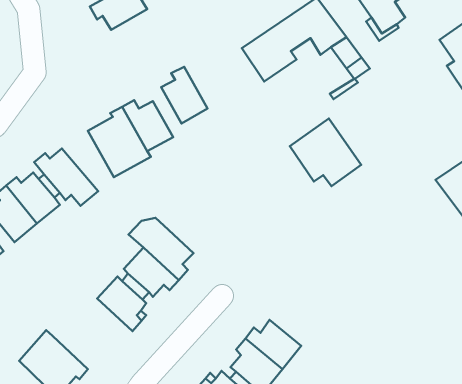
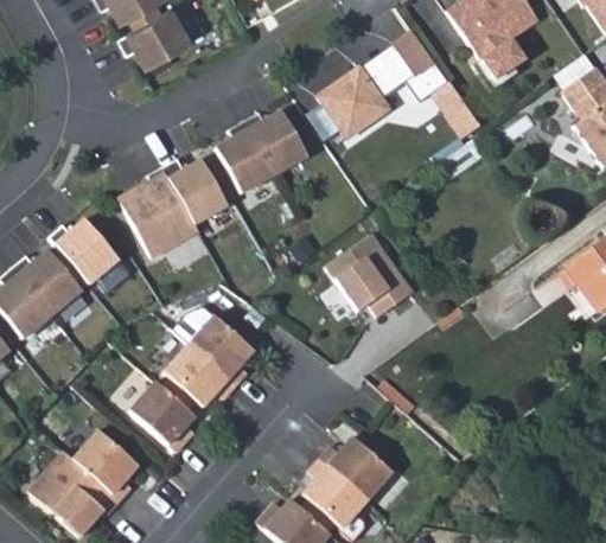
building: none -> [242,104,305,168]
building: [290,118,361,186] -> [323,234,414,320]
building: none -> [74,432,138,502]

